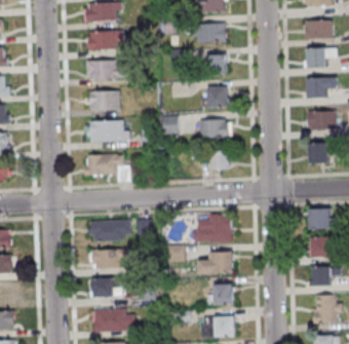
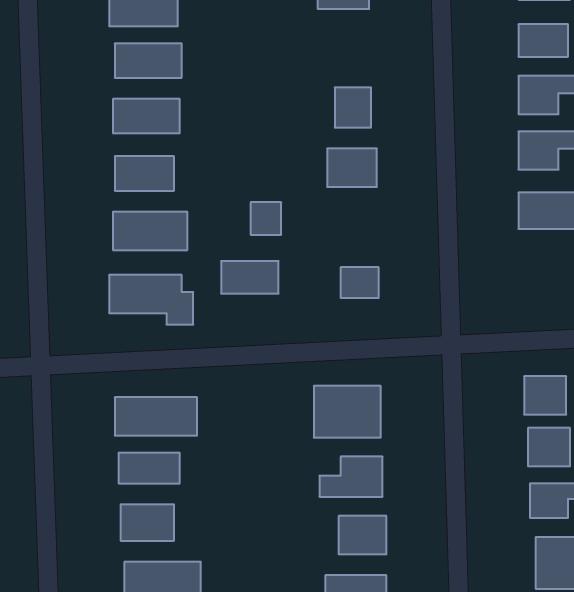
building: [196,25,226,43] -> none
building: [200,120,231,138] -> [221,261,279,294]
building: [308,144,328,164] -> none

